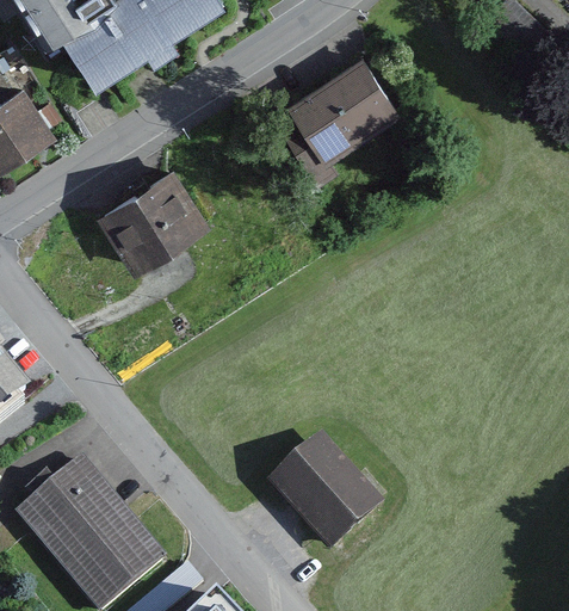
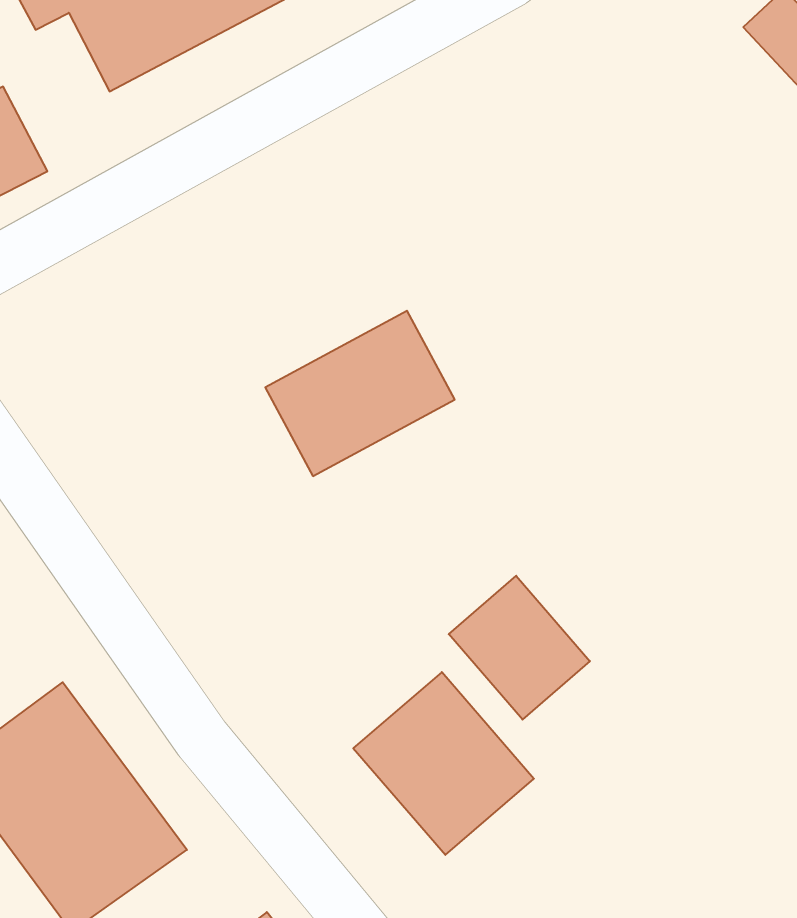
building: [286,55,402,166] -> none
building: [86,171,205,278] -> [265,311,455,476]
building: none -> [449,576,590,720]

